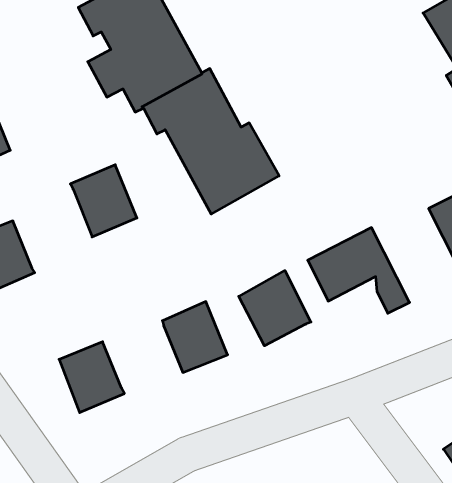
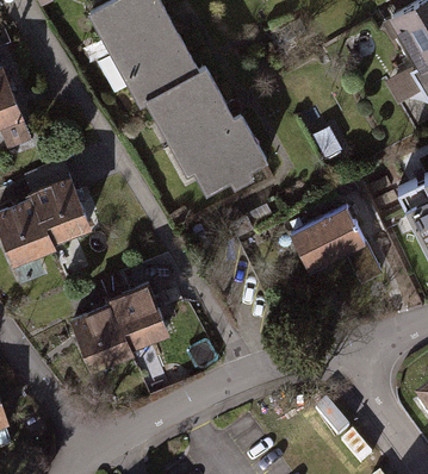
building: [70,165,137,237] -> [30,177,88,241]
building: [239,271,311,346] -> none
building: [162,302,228,372] -> [110,283,167,345]

